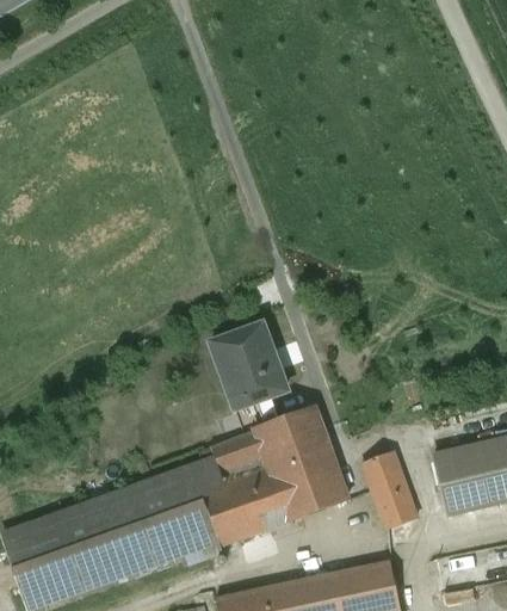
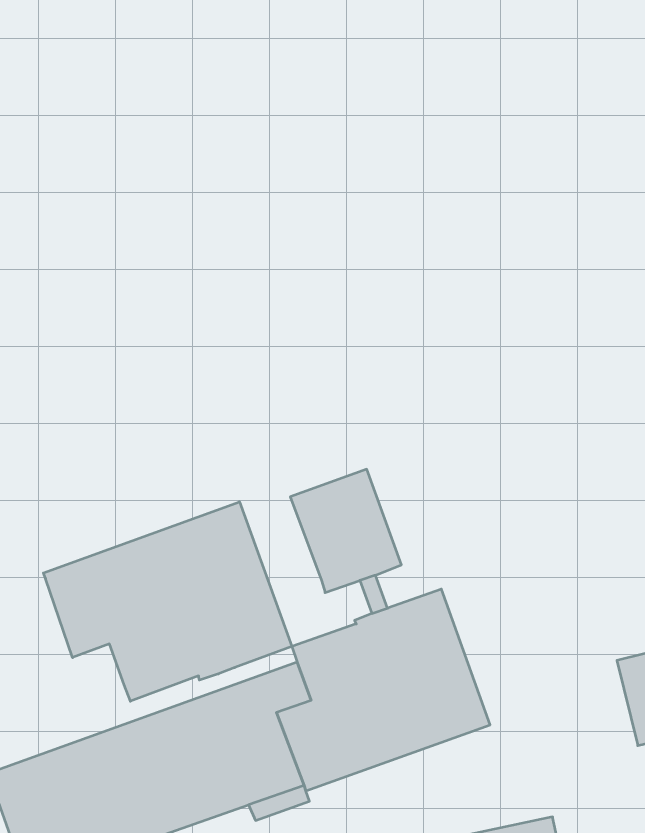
building: none -> [43,502,292,701]
building: [363,452,418,529] -> none

